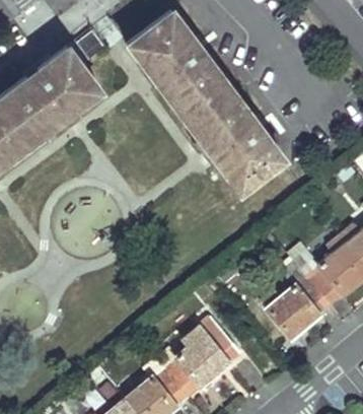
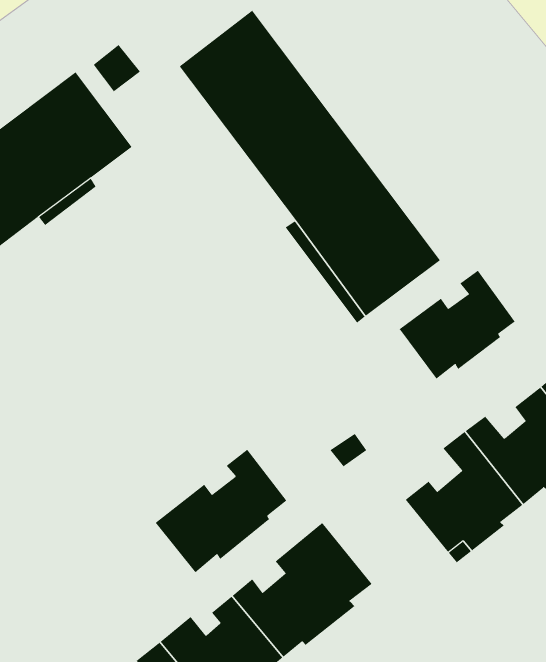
building: none -> [399,270,515,379]
building: none -> [155,449,287,573]

